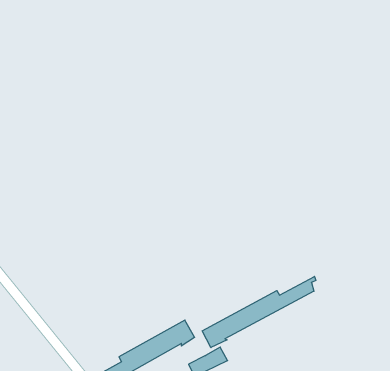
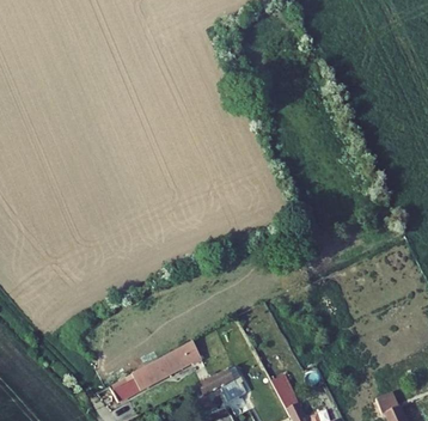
building: [202,276,316,348] -> none

